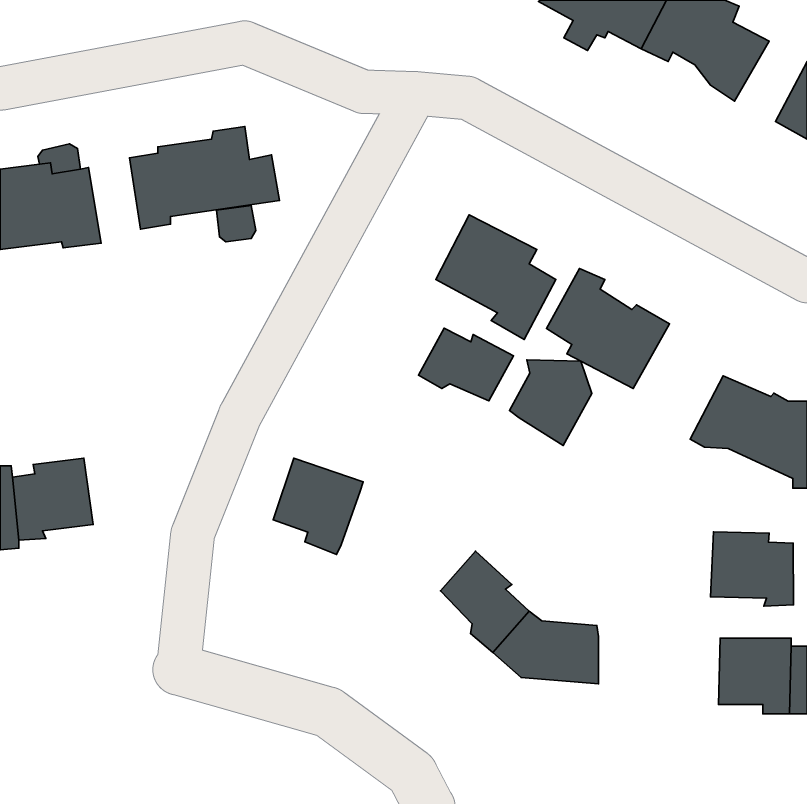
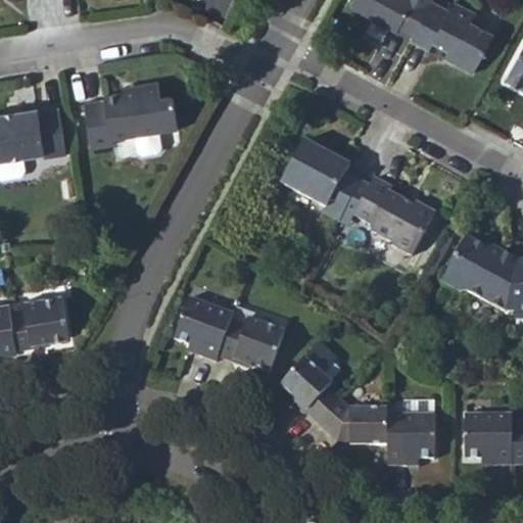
building: [418,328,514,401] -> none
building: [510,360,592,446] -> none
building: none -> [221,304,281,364]
building: [711,532,793,606] -> none
building: none -> [387,414,434,460]

